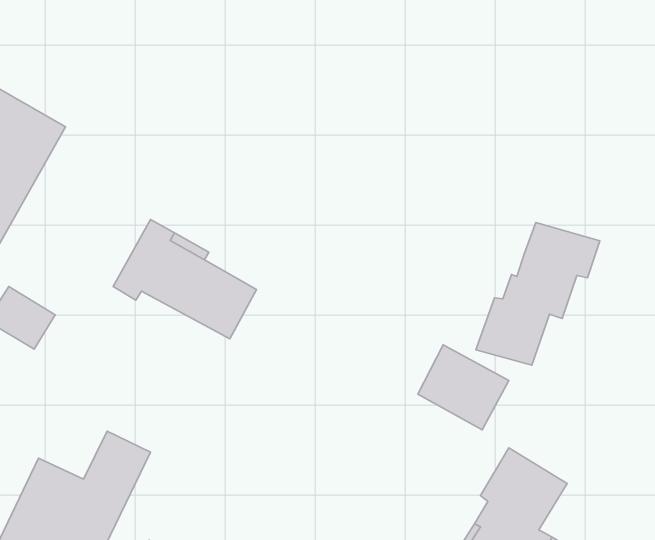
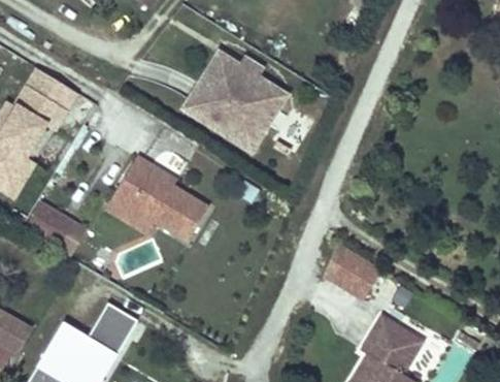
building: none -> [184,54,286,152]
building: [476,223,600,365] -> none

